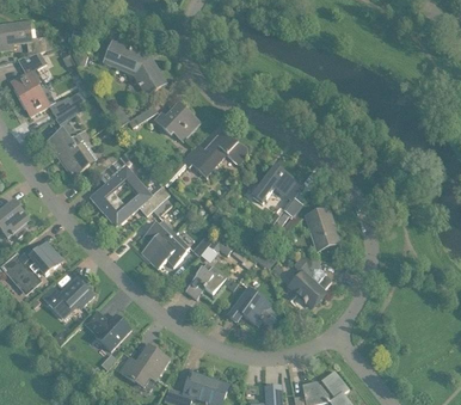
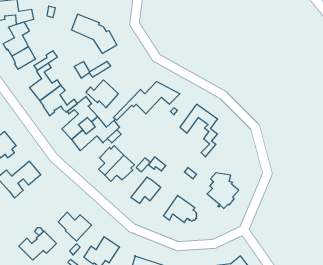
building: [154,103,198,141] -> [86,80,118,108]
building: [306,208,337,251] -> none
building: [42,277,93,317] -> [19,231,56,260]

